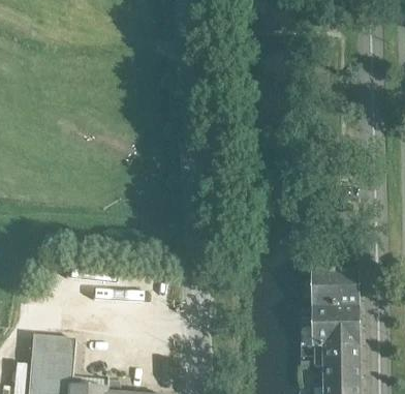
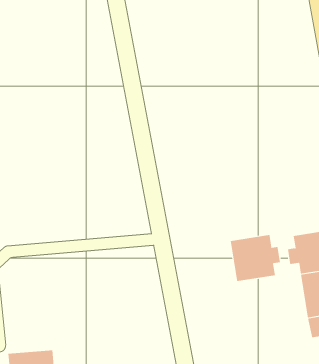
building: none -> [230,234,281,282]

